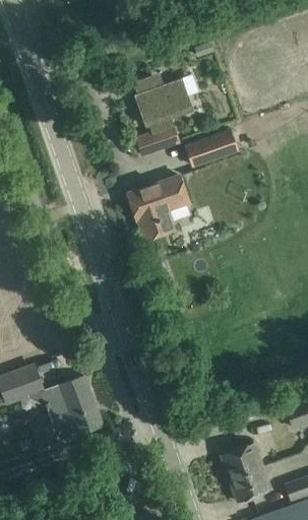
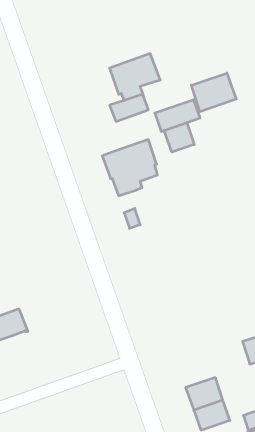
building: none -> [191,73,236,112]
building: none -> [164,122,194,152]
building: [37,375,103,449] -> none

